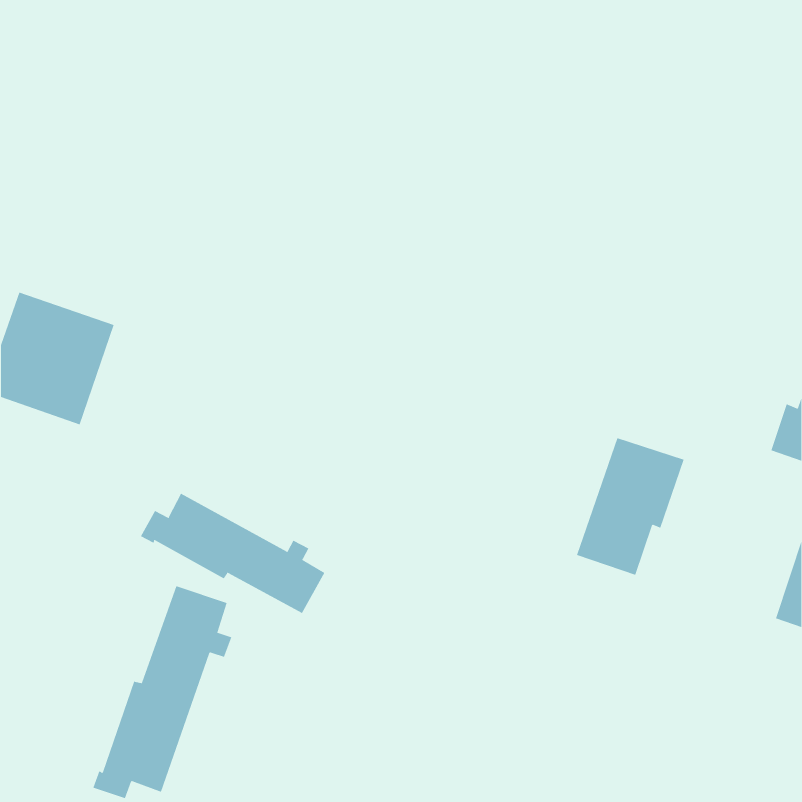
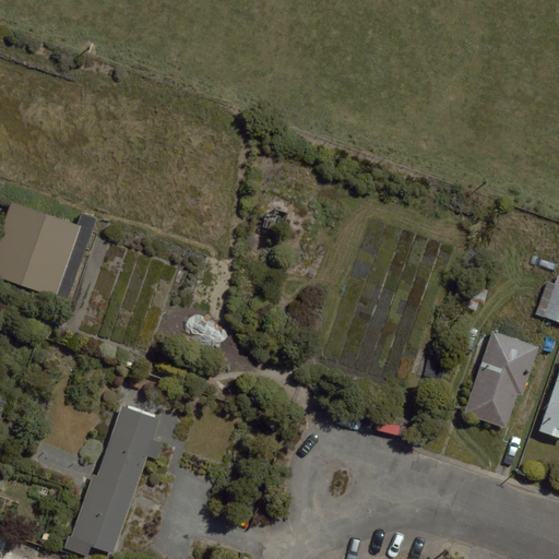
building: [576,437,684,575] -> [464,332,539,428]
building: [140,493,325,614] -> none

